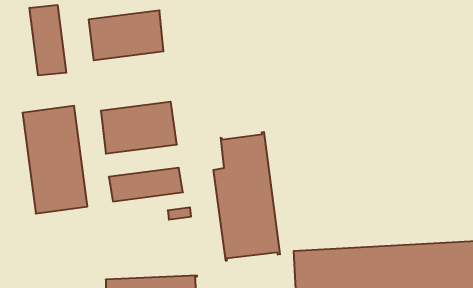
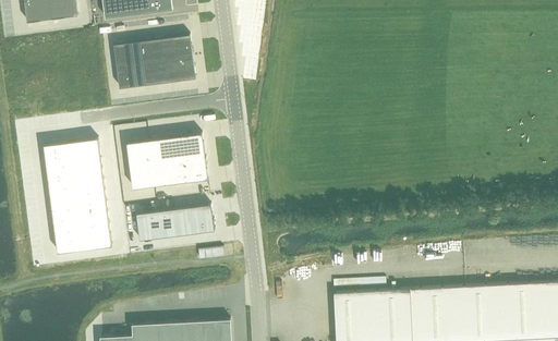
building: [30,5,66,75] -> none
building: [213,132,280,261] -> none

